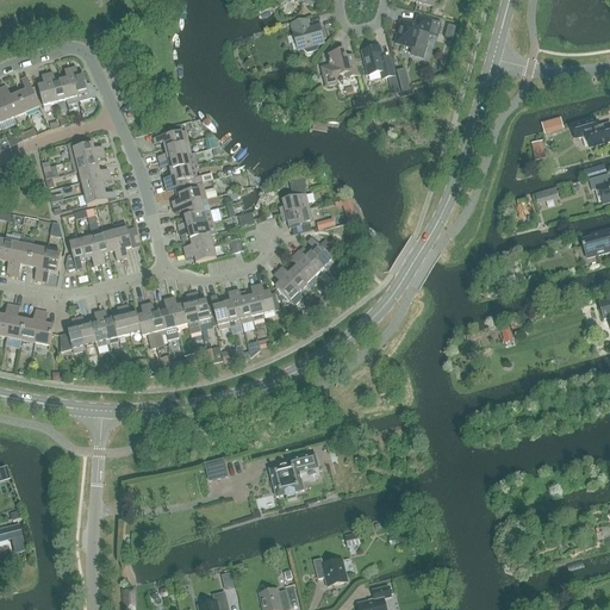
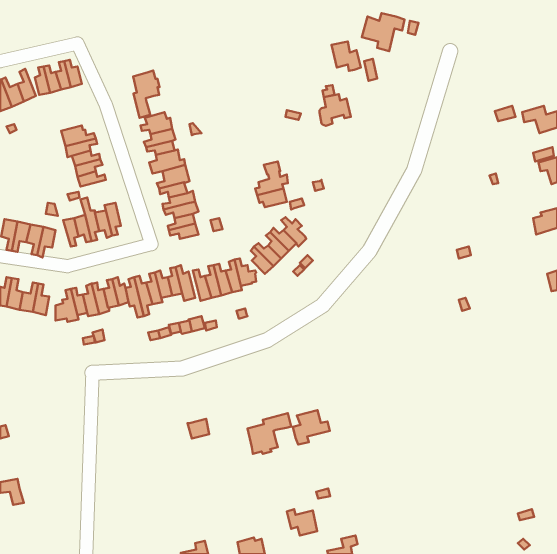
building: [292,18,324,50] -> none
building: [323,49,357,83] -> [319,94,351,126]
building: none -> [133,70,160,118]
building: none -> [293,410,330,445]

